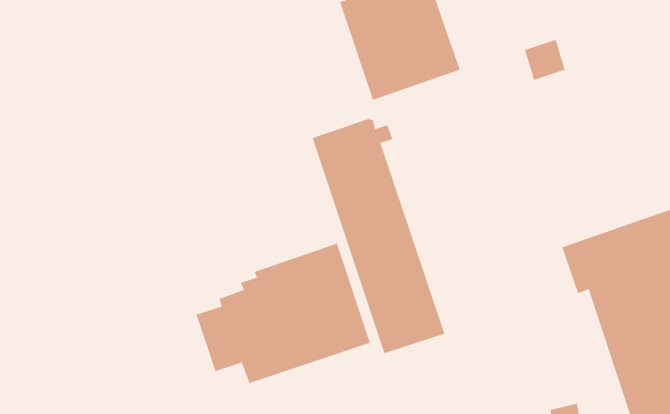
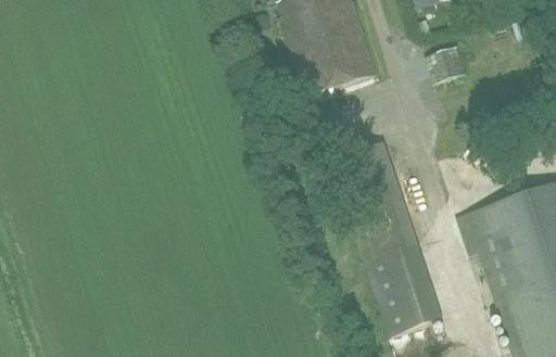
building: [312,118,445,354] -> [333,143,442,335]
building: [196,243,371,384] -> none

